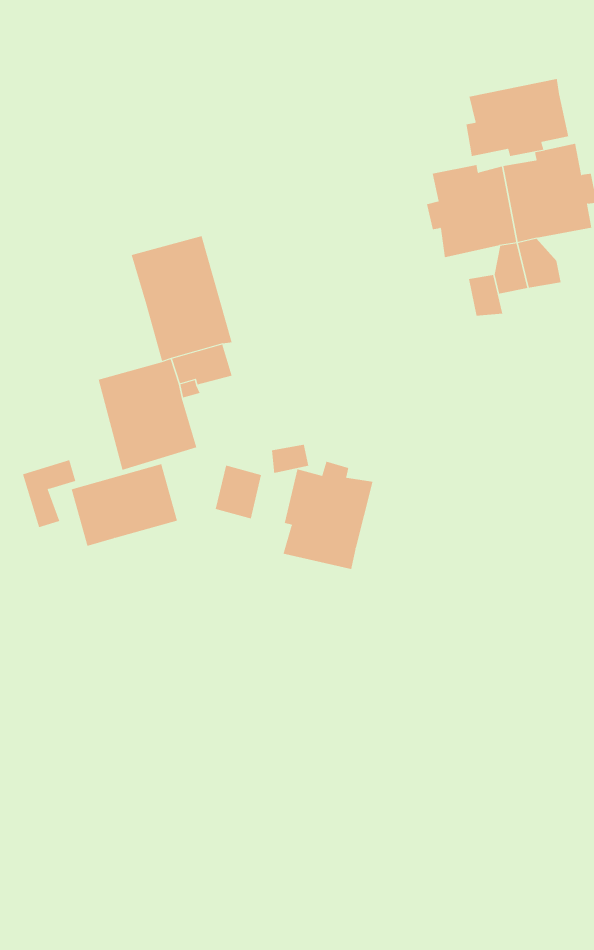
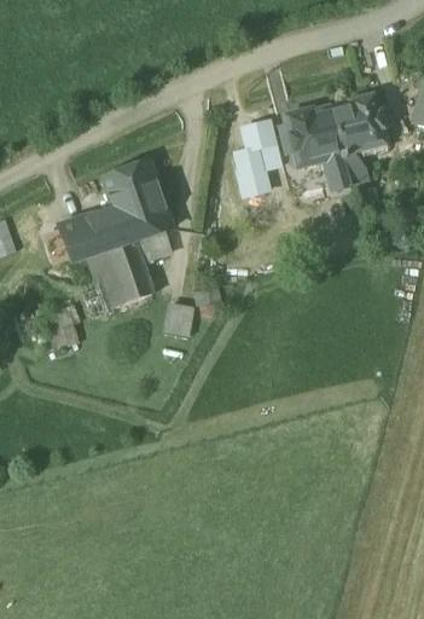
building: [466,78,569,157] -> none
building: none -> [236,135,278,192]
building: [283,461,373,570] -> none
building: [71,463,178,547] -> [59,206,127,260]

